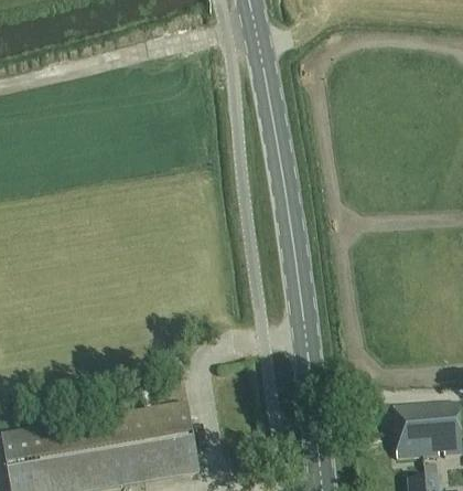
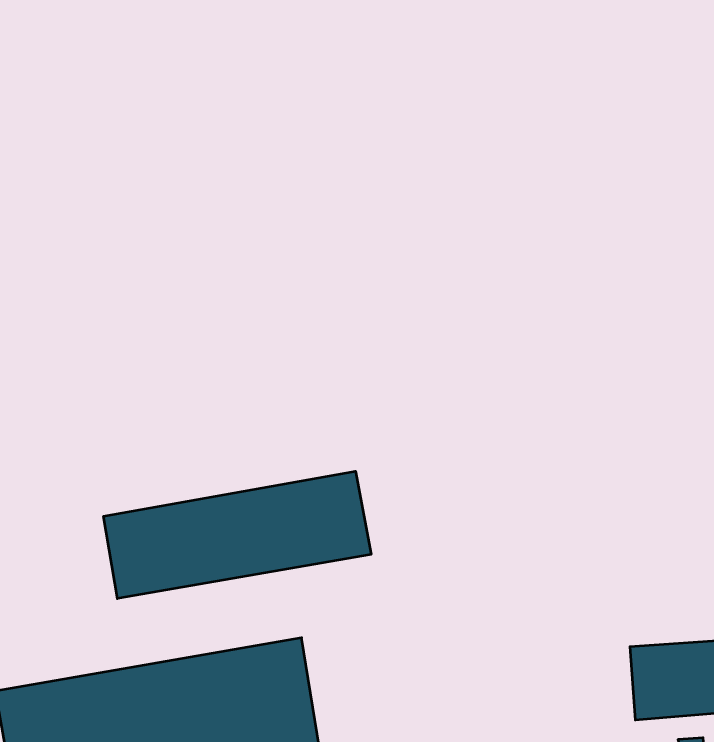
building: none -> [104,471,371,599]

